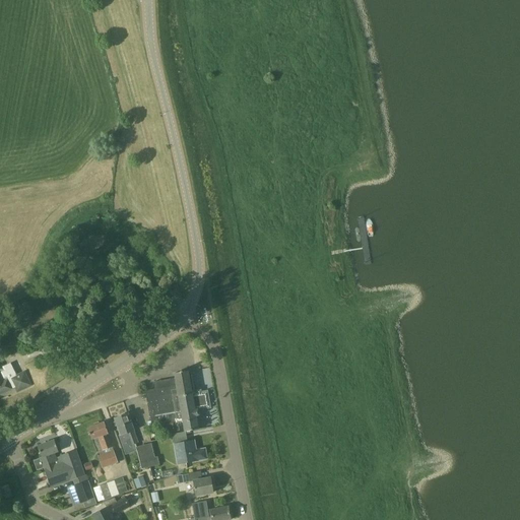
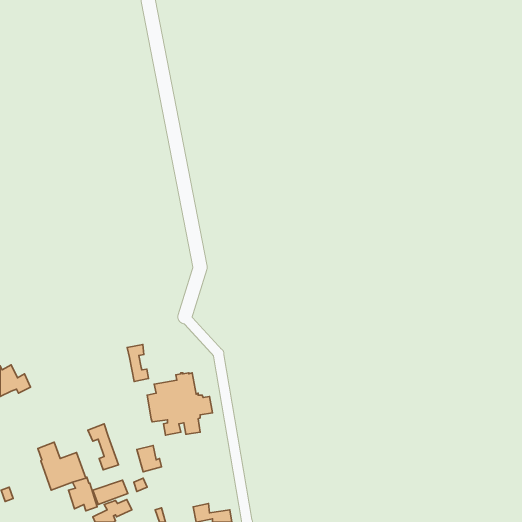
building: none -> [127,345,148,382]
building: [116,413,138,449] -> none
building: [173,432,207,464] -> none
building: [177,471,213,496] -> none

